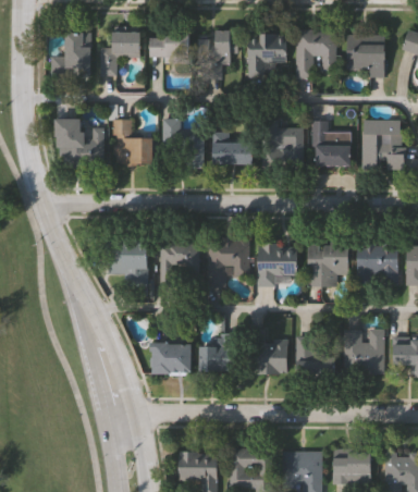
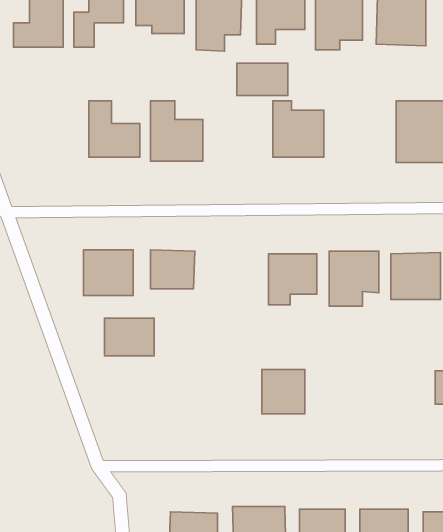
building: [63,118,102,168] -> none
building: [311,122,351,165] -> none
building: [213,139,255,165] -> [237,63,288,96]
building: [208,241,248,286] -> none
building: [344,329,382,373] -> none
building: [198,333,235,371] -> none
building: [296,335,334,376] -> none
building: [151,344,192,374] -> [105,318,154,356]

